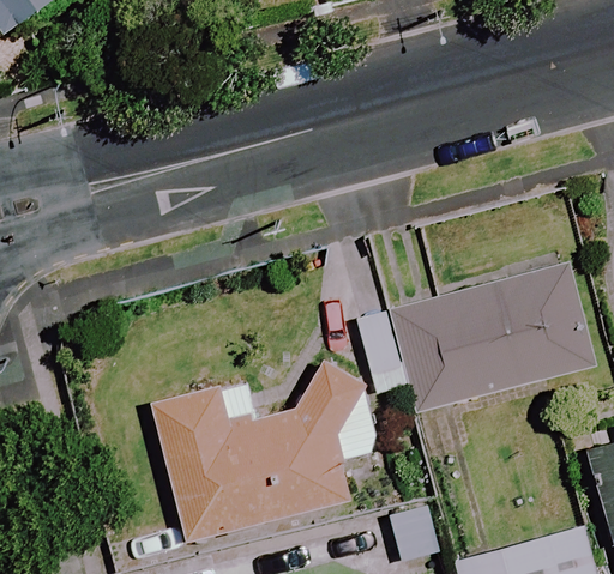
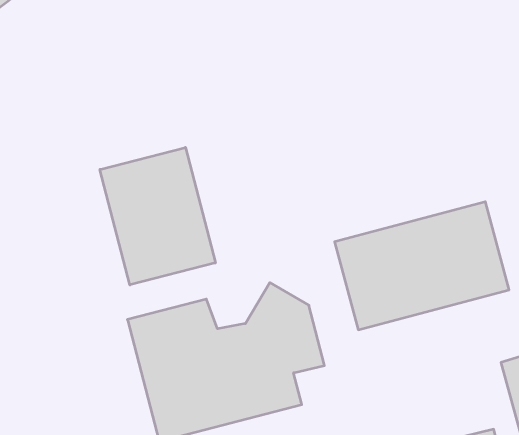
building: none -> [100,147,215,285]

